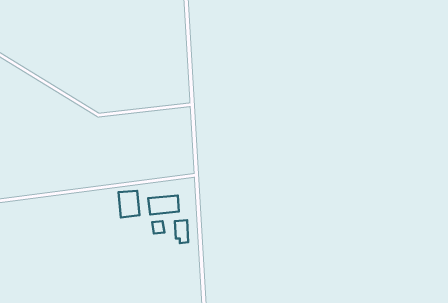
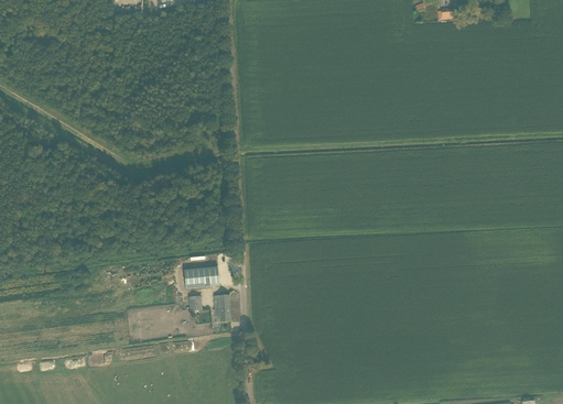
building: [118,191,139,217] -> none

